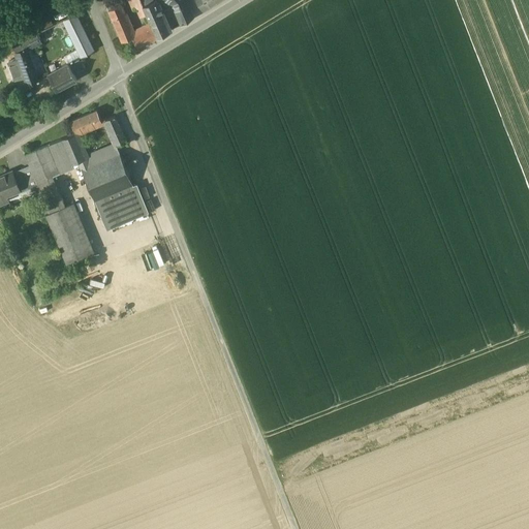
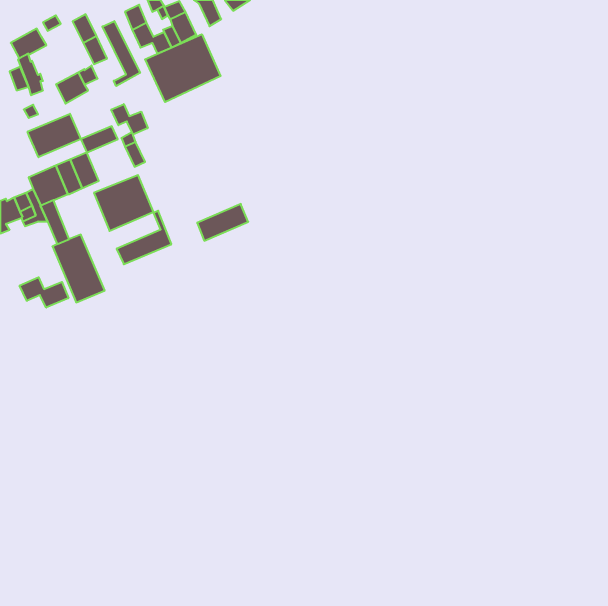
building: none -> [102,21,140,86]
building: none -> [145,34,221,102]
building: none -> [111,104,148,134]
building: none -> [28,114,81,157]
building: [95,186,139,218] -> [197,204,248,241]
building: none -> [20,277,68,308]

